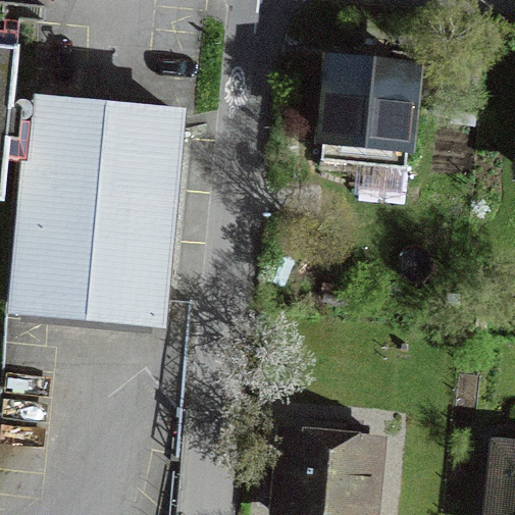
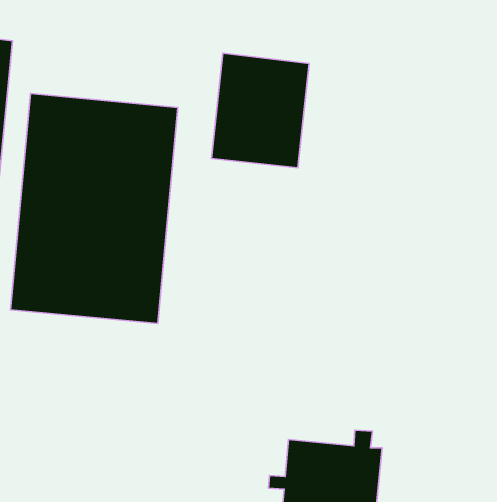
building: [322,54,417,165] -> [211,53,309,168]

